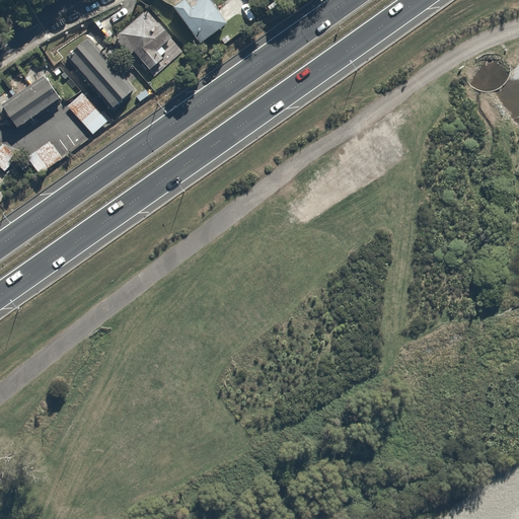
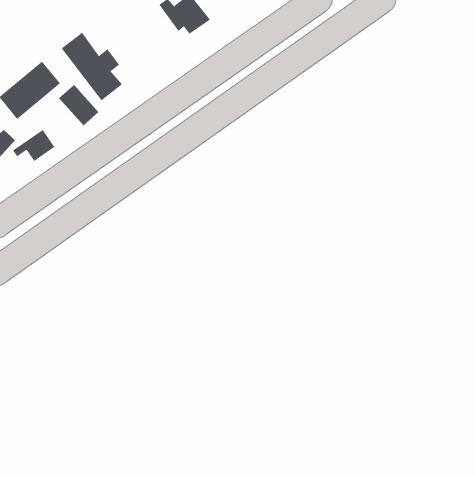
building: [115,17,174,69] -> none

